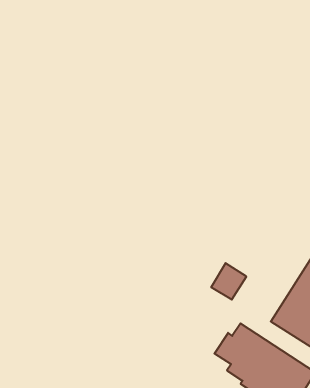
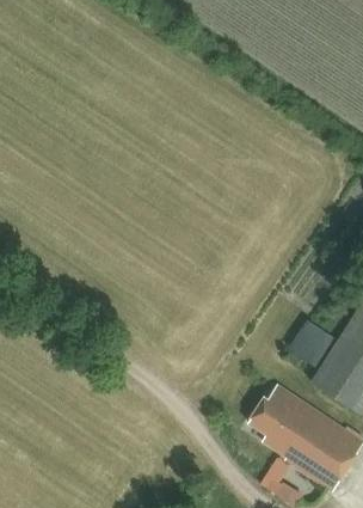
building: [211,263,246,300] -> [290,322,331,363]

